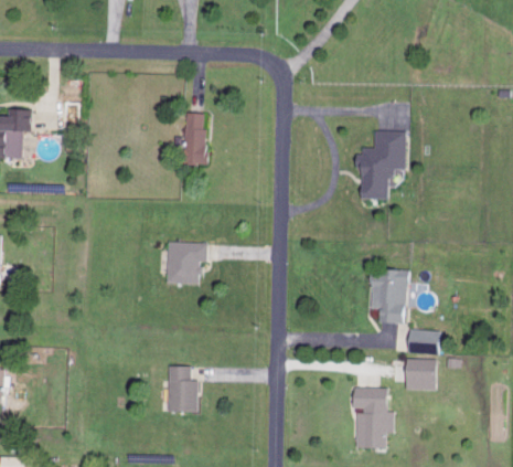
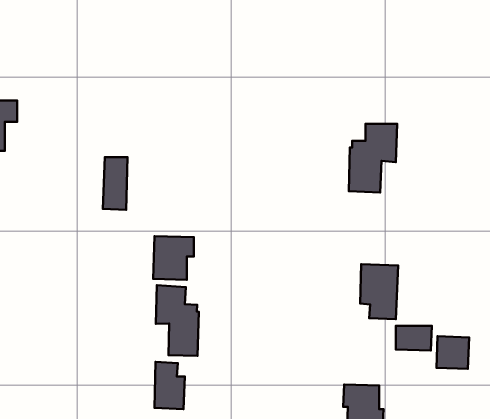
building: [182,113,206,164] -> [103,157,127,210]
building: none -> [156,285,199,356]
building: [405,359,437,391] -> [436,336,469,369]

